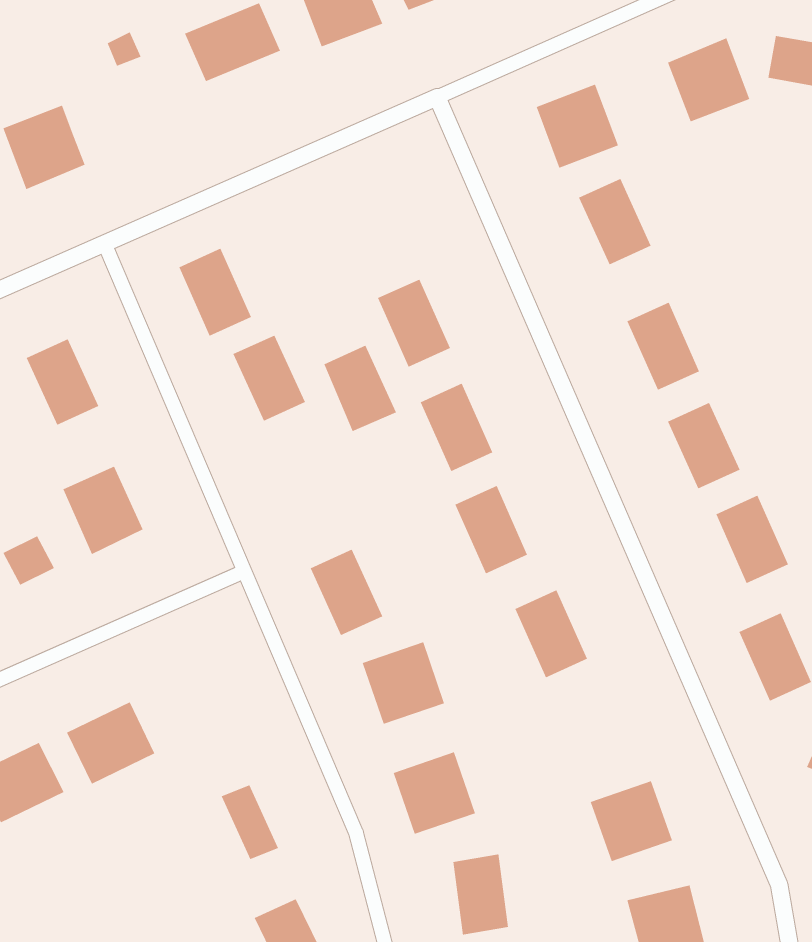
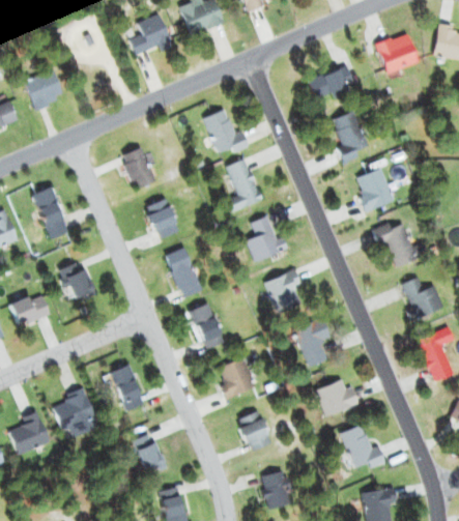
building: none -> [201,107,240,153]
building: [323,345,397,432] -> [164,251,203,297]
building: none -> [109,367,152,414]
building: none -> [314,377,358,422]

